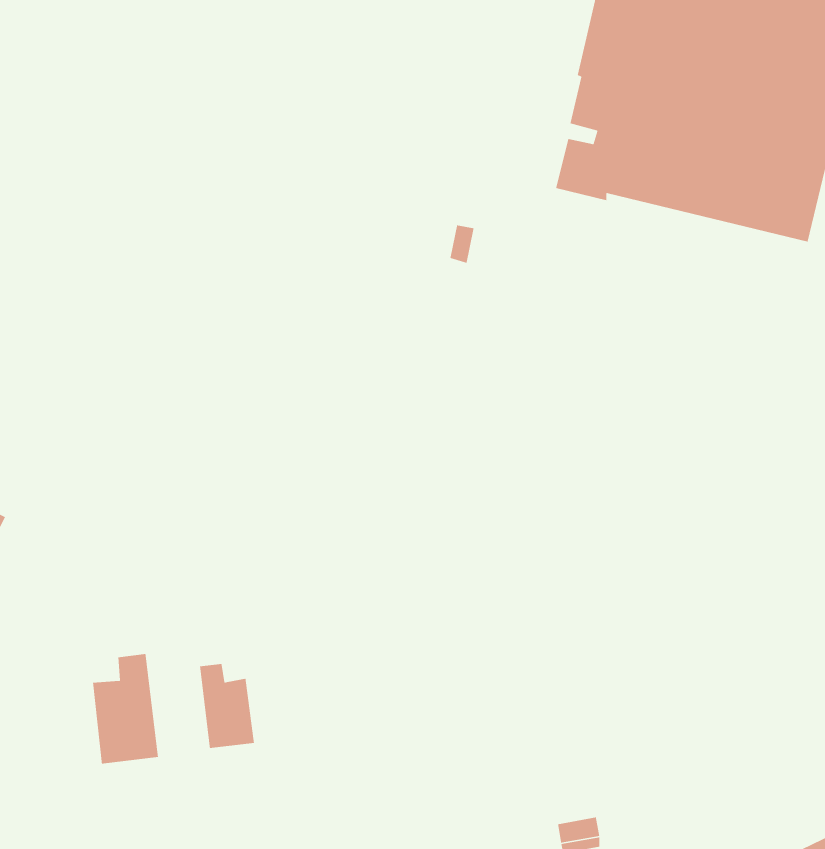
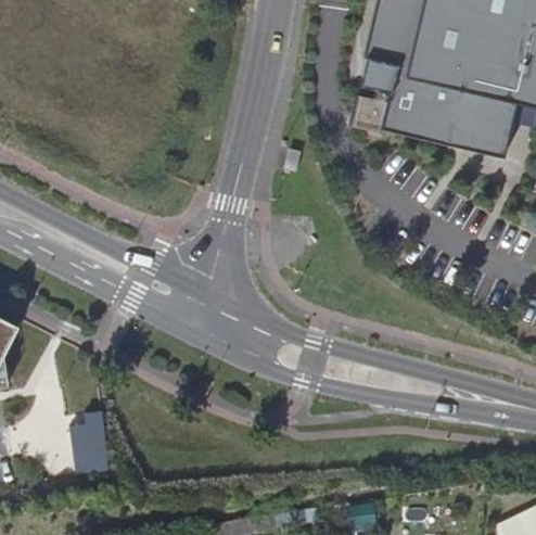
building: [199,663,255,749] -> none

